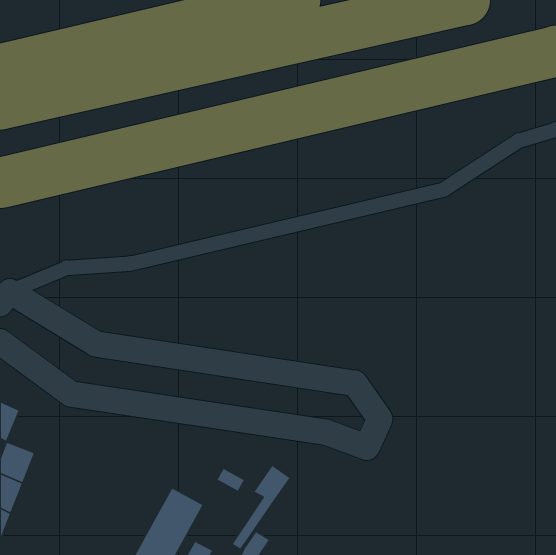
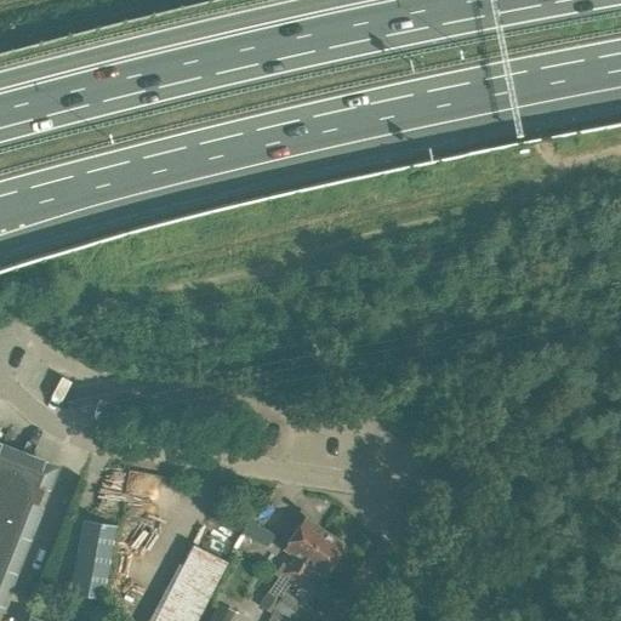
building: none -> [7,458,53,506]
building: none -> [70,522,115,600]
building: none -> [291,534,343,588]

